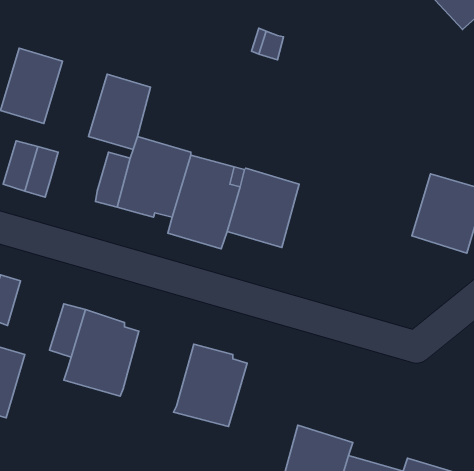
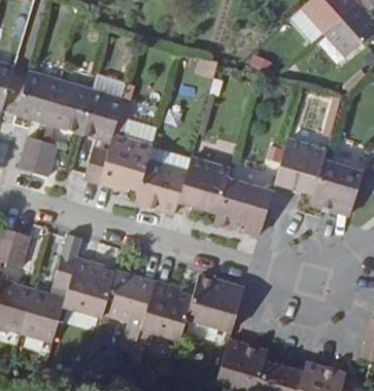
building: none -> [47,79,93,133]
building: none -> [275,138,327,193]
building: none -> [215,178,273,234]
building: none -> [104,270,155,325]
building: none -> [185,274,244,332]
building: none -> [21,288,65,343]

